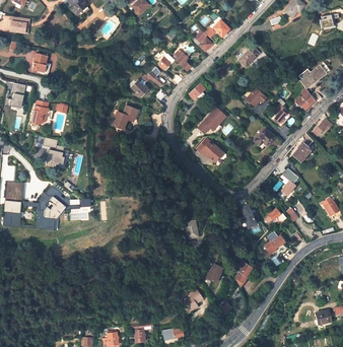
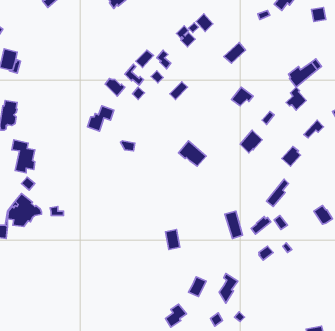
building: [197,107,227,134] -> none

